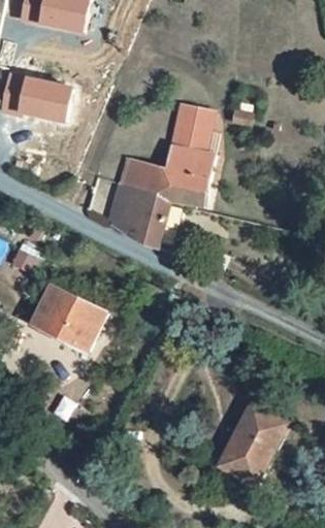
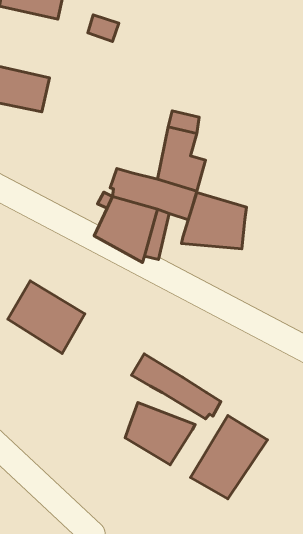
building: none -> [181,193,246,249]
building: none -> [131,354,221,419]
building: none -> [125,402,195,465]

